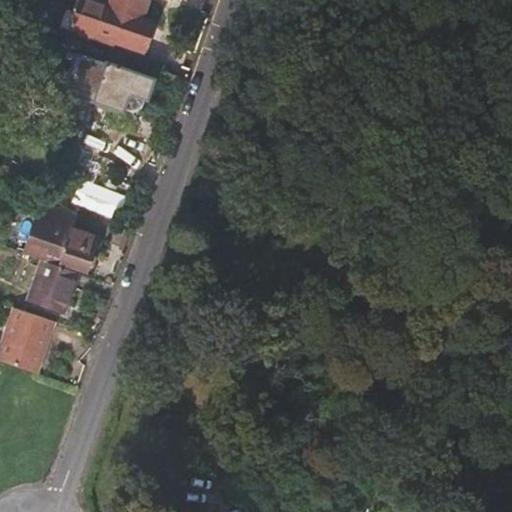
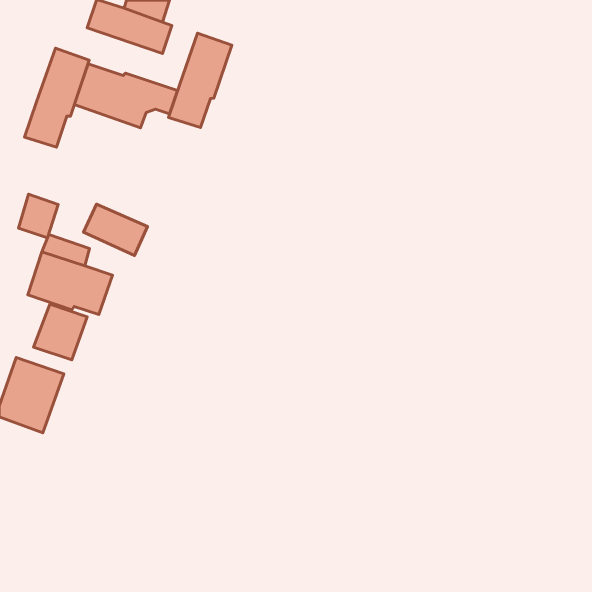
building: none -> [168,33,232,128]
building: none -> [25,48,89,147]
building: none -> [18,194,58,238]

